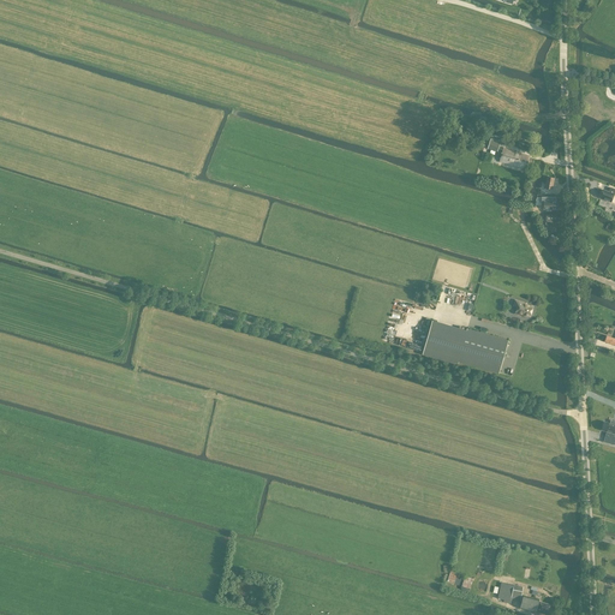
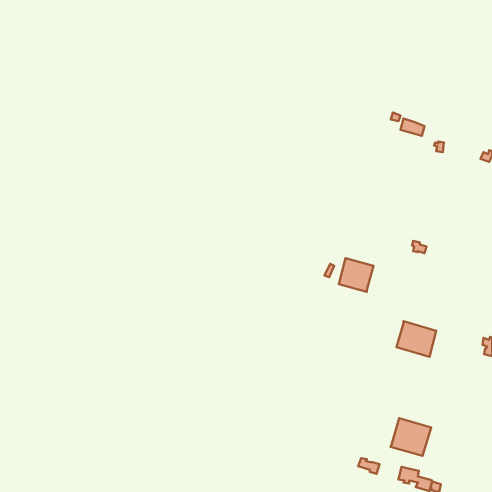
building: [458,329,507,374] -> [397,321,436,357]
building: none -> [390,418,431,456]

